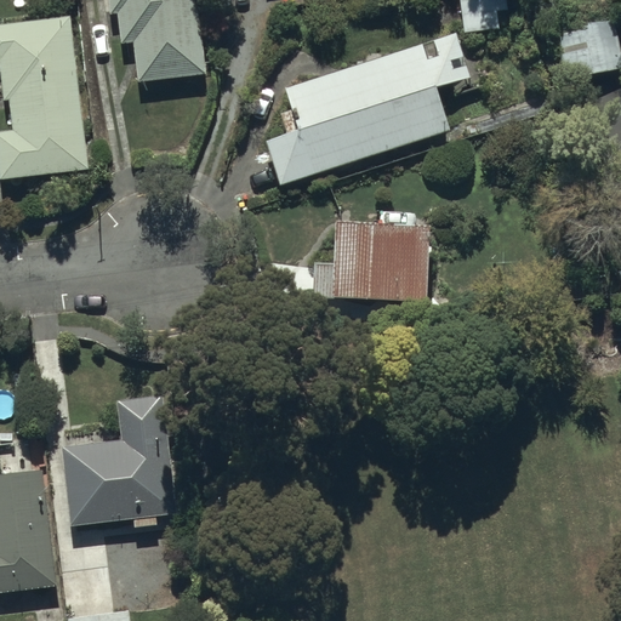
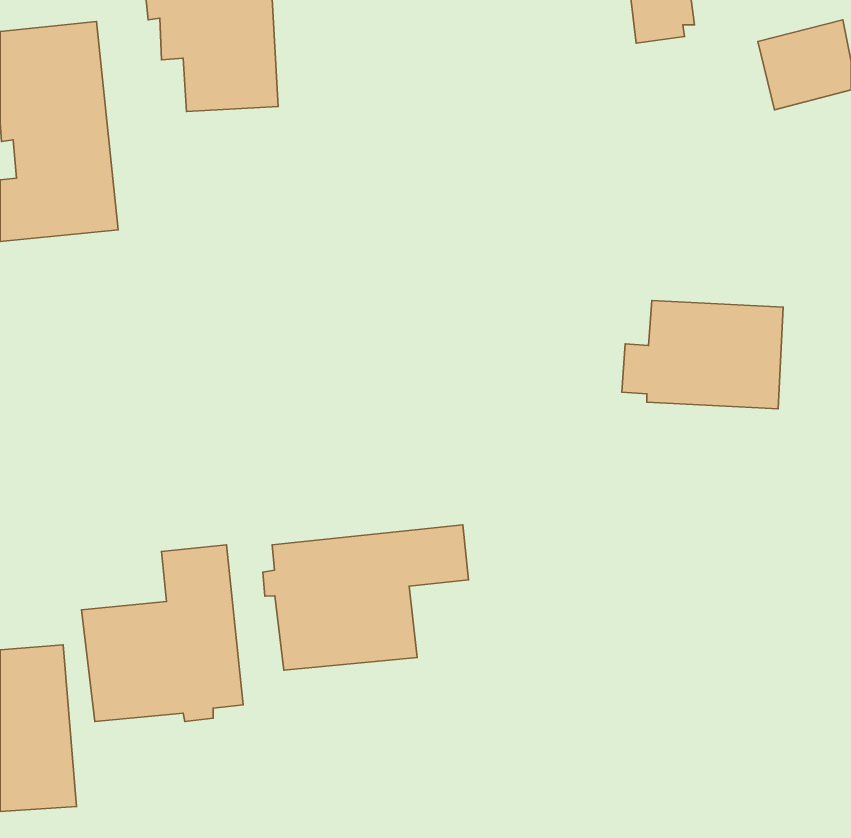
building: [267,33,469,184] -> none
building: [313,229,431,308] -> [622,301,783,409]
building: none -> [263,525,469,670]

